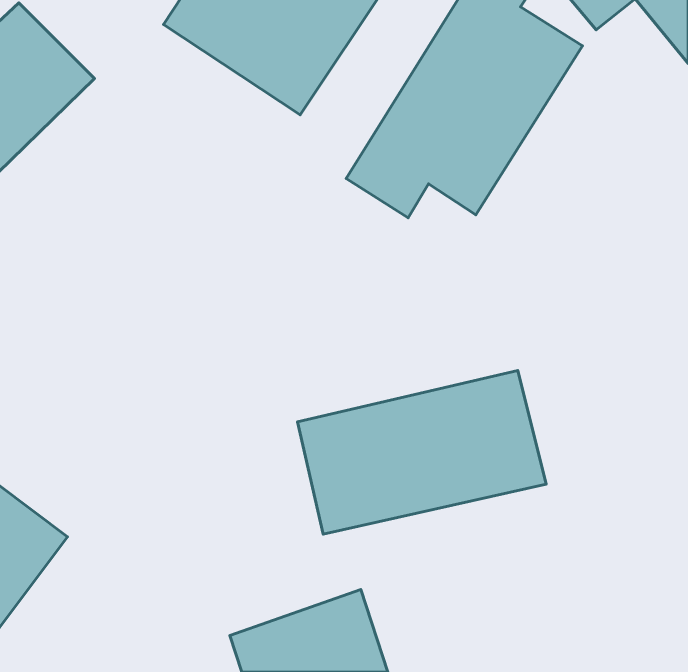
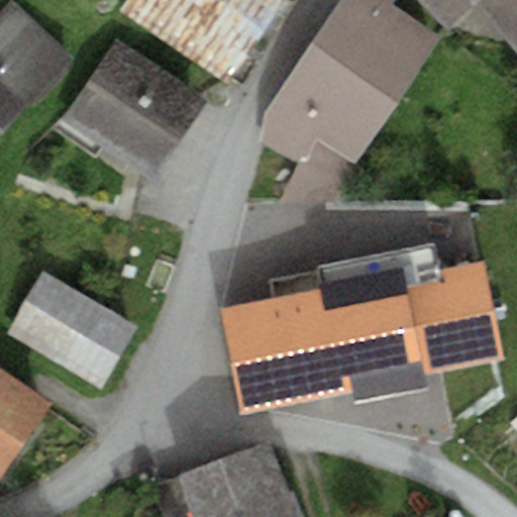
building: none -> [64,40,205,179]
building: none -> [387,255,495,361]
building: none -> [5,270,132,385]

